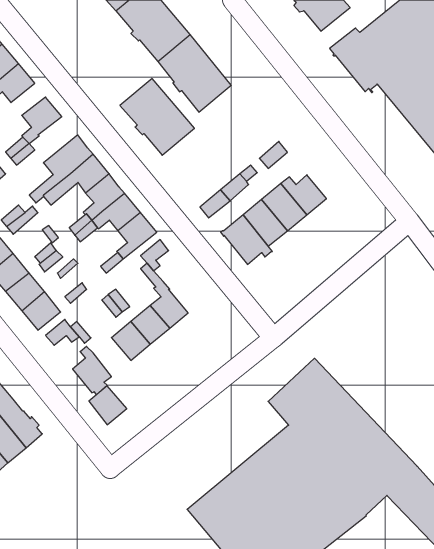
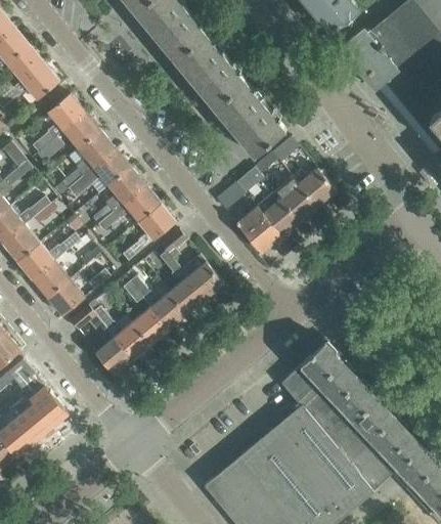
building: [120,79,194,155] -> [215,83,285,156]
building: none -> [62,113,100,148]
building: none -> [181,254,224,299]
building: [89,386,127,425] -> [115,322,150,359]

